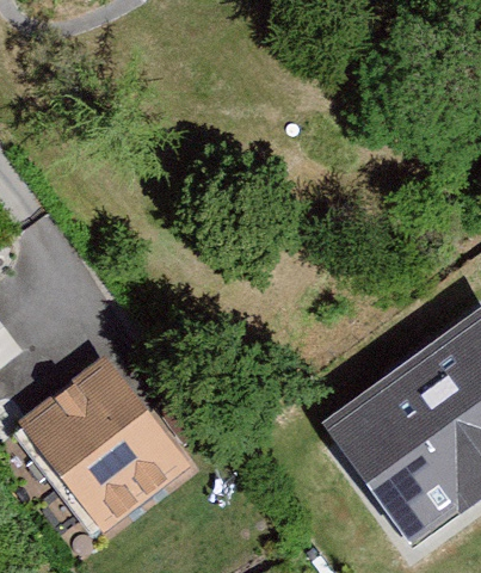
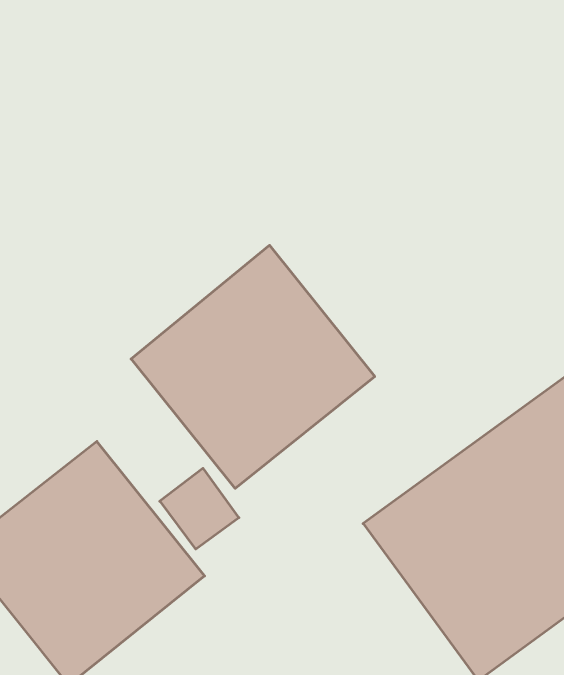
building: none -> [131,245,375,488]

